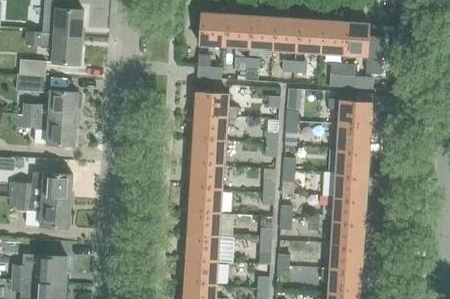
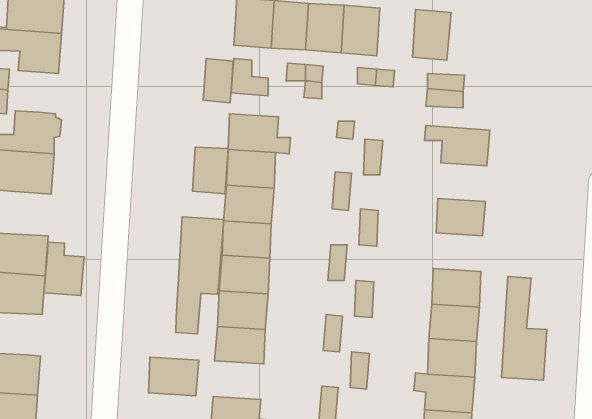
building: [295,19,322,53] -> none
building: [343,22,383,74] -> none
building: none -> [203,59,233,103]
building: none -> [192,147,228,194]
building: [337,124,370,151] -> none
building: none -> [176,217,224,334]
building: [334,172,367,198] -> none
building: none -> [44,242,84,295]
building: none -> [501,277,547,380]
building: [184,259,218,285] -> [148,357,199,396]

